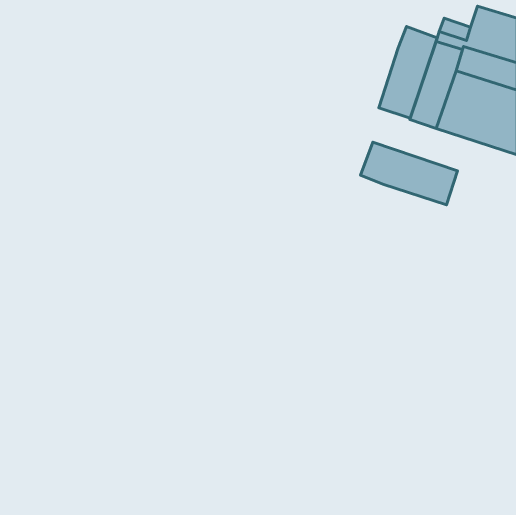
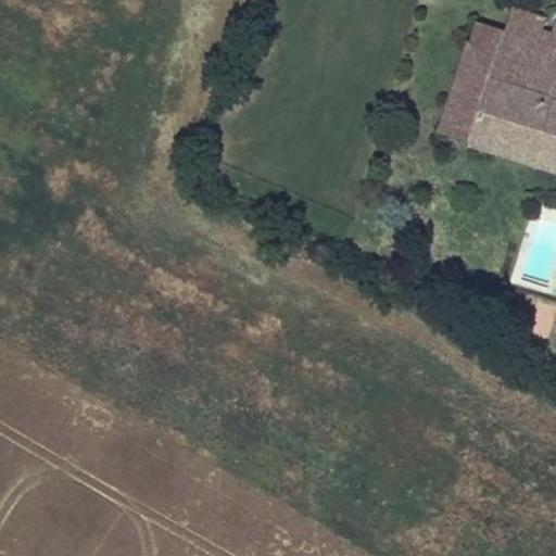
building: [379,27,437,118] -> none
building: [361,142,458,205] -> none

